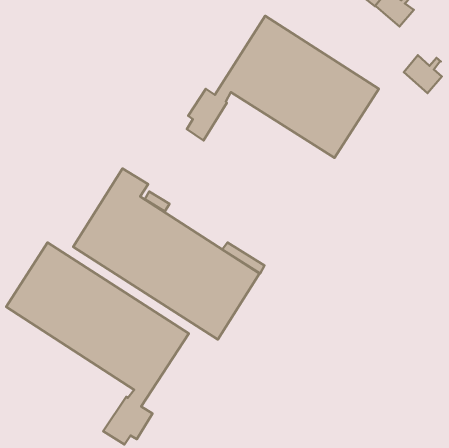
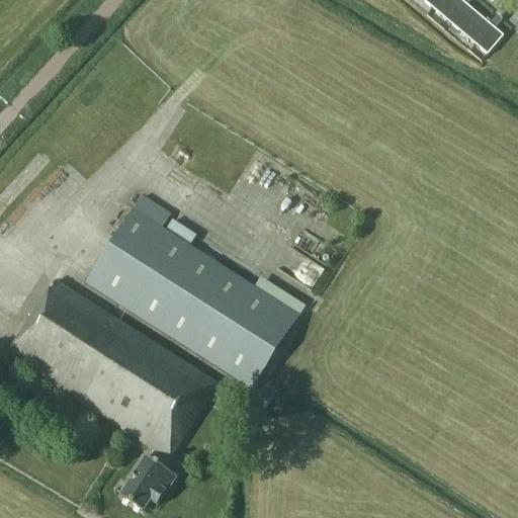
building: [187,16,379,158] -> none
building: [404,55,442,93] -> [458,11,502,55]

